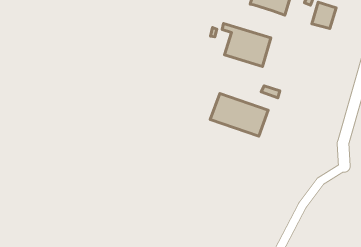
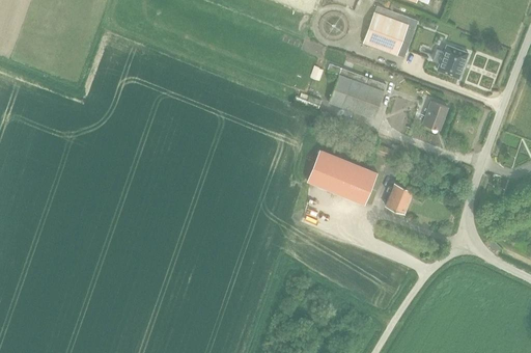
building: none -> [422,102,447,130]
building: none -> [385,183,413,214]

